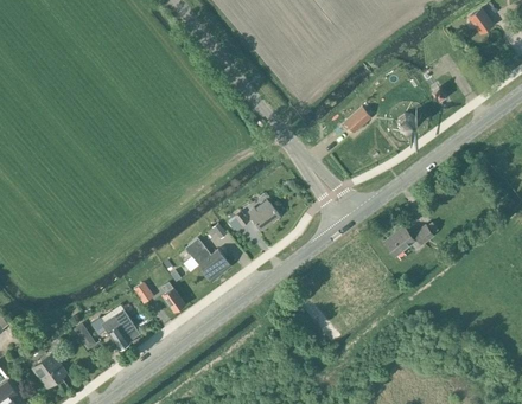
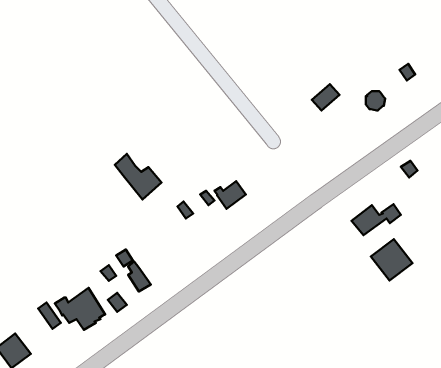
building: [185,237,231,282] -> [115,154,162,199]
building: none -> [371,239,413,281]

